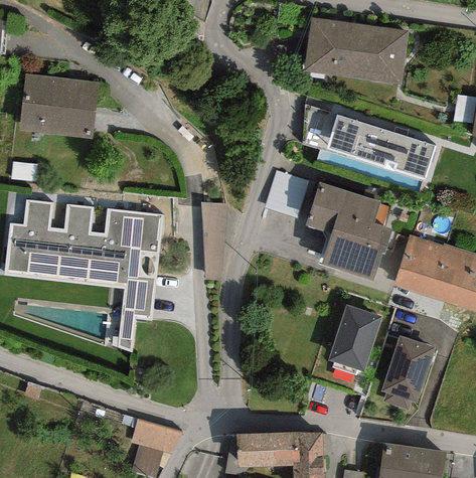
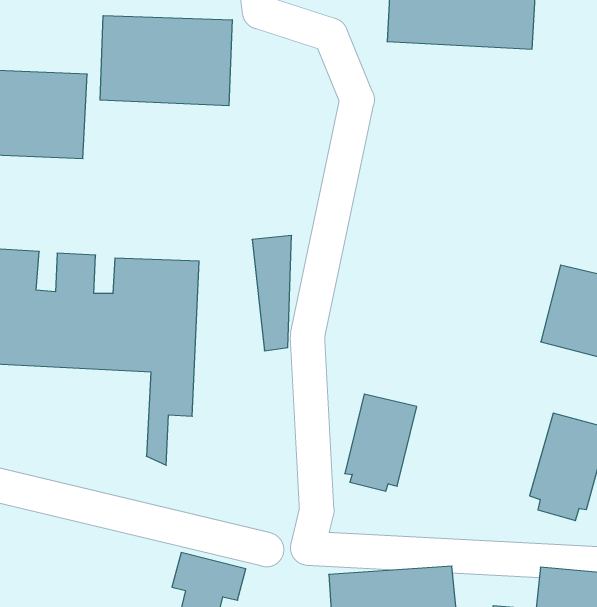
building: none -> [100,16,232,106]
building: [302,106,433,179] -> none
building: [268,164,307,209] -> none
building: [306,183,392,285] -> none
building: [328,307,380,374] -> [345,394,417,491]

